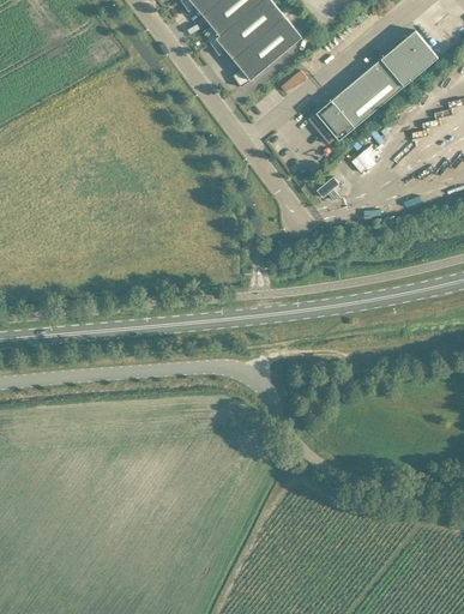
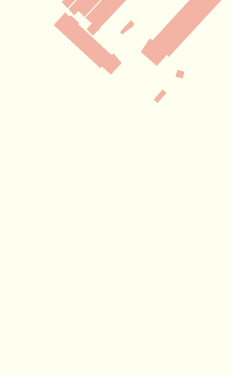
building: none -> [53,12,122,76]

